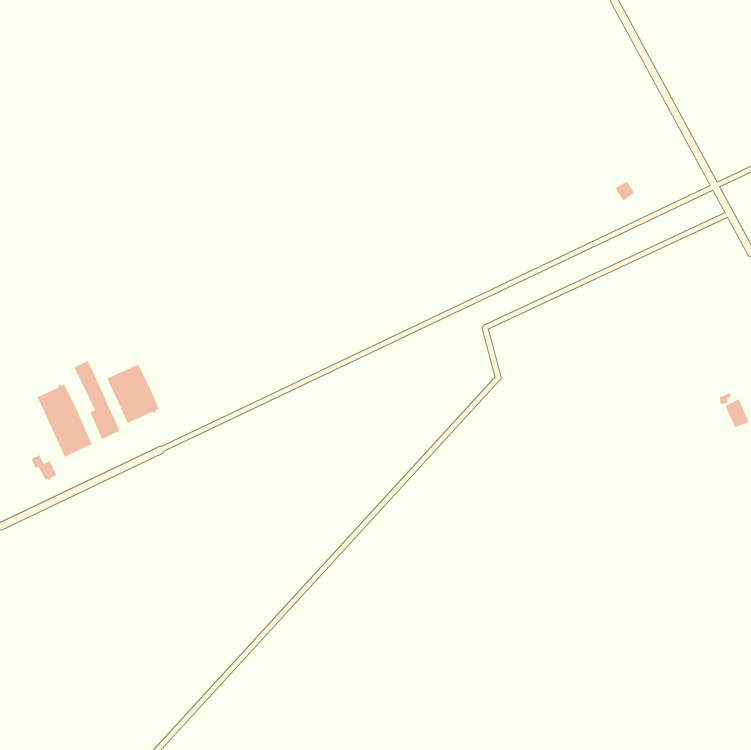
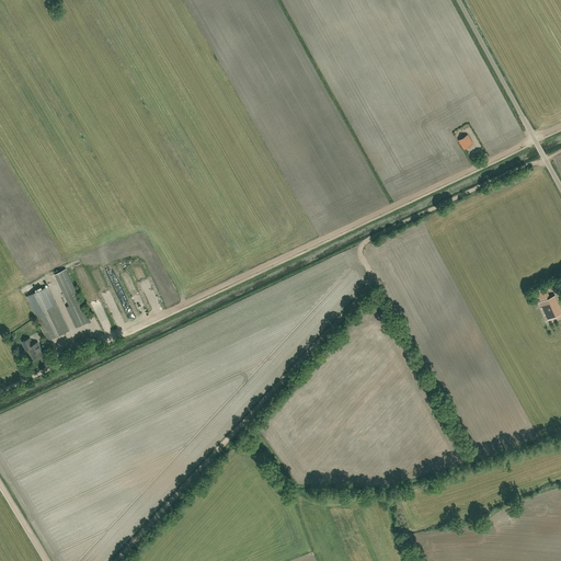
building: [106,364,159,424] -> none

